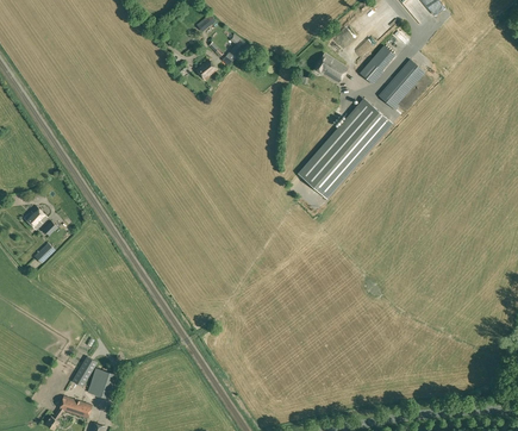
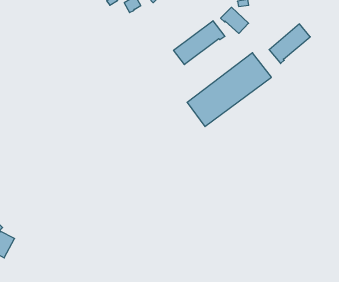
building: [360,45,395,85] -> none
building: none -> [174,21,225,65]

